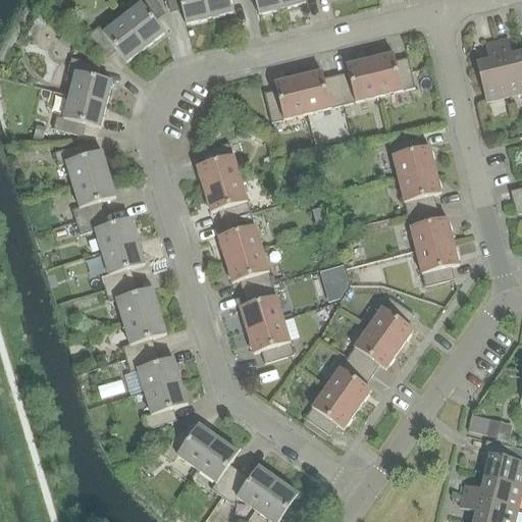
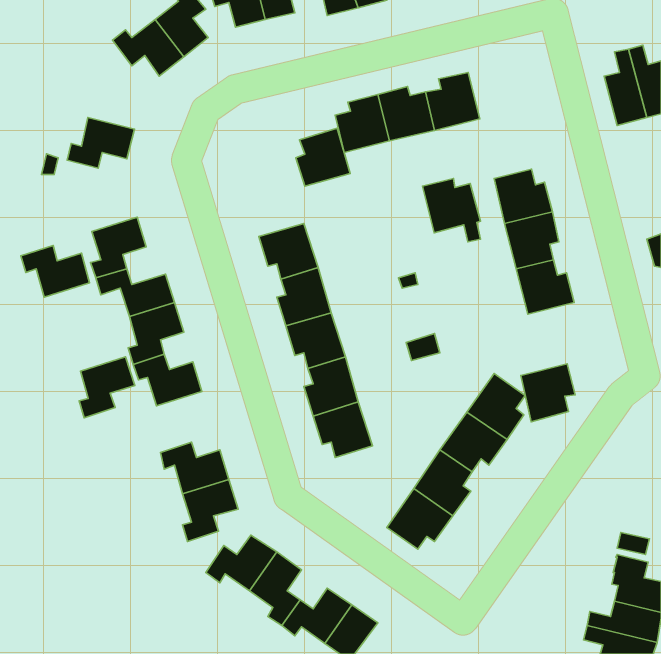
building: [369,51,415,101] -> [422,178,481,242]
building: [67,55,112,102] -> none
building: [197,141,240,187] -> [296,128,350,186]
building: [54,142,108,182] -> [21,245,89,297]
building: [416,239,459,284] -> [521,364,575,422]
building: [122,309,166,357] -> [79,357,135,418]

